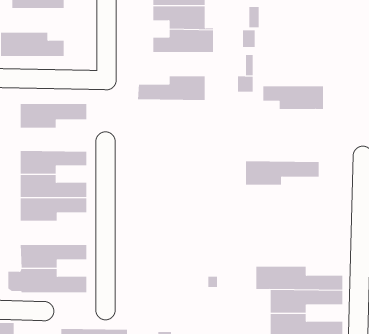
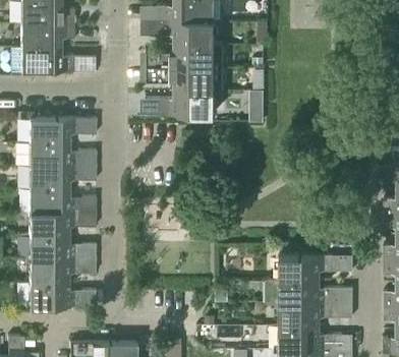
building: none -> [21,23,74,47]
building: [263,86,324,109] -> [162,67,223,91]
building: none -> [30,142,97,166]
building: [245,161,320,185] -> [279,255,353,280]
building: none -> [30,235,97,258]

